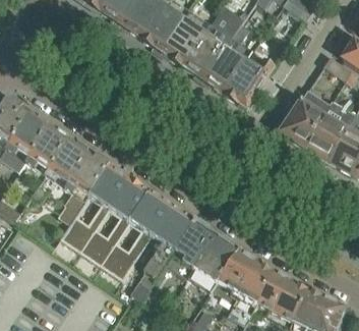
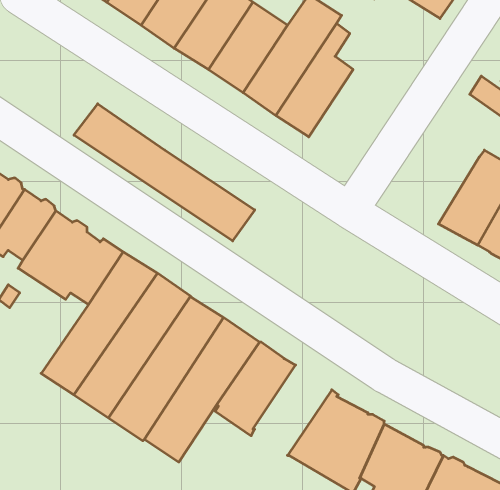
building: [224,49,274,106] -> none
building: none -> [74,104,255,241]
building: [280,88,330,145] -> none
building: [188,232,238,289] -> none

